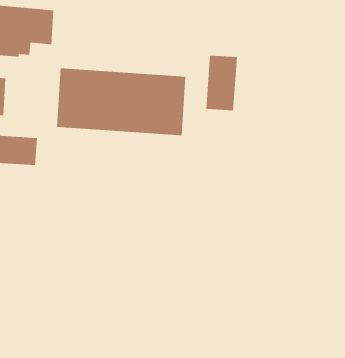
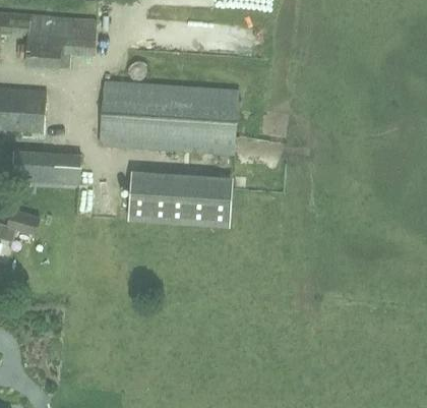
building: [206,55,237,111] -> none
building: none -> [127,180,231,224]

